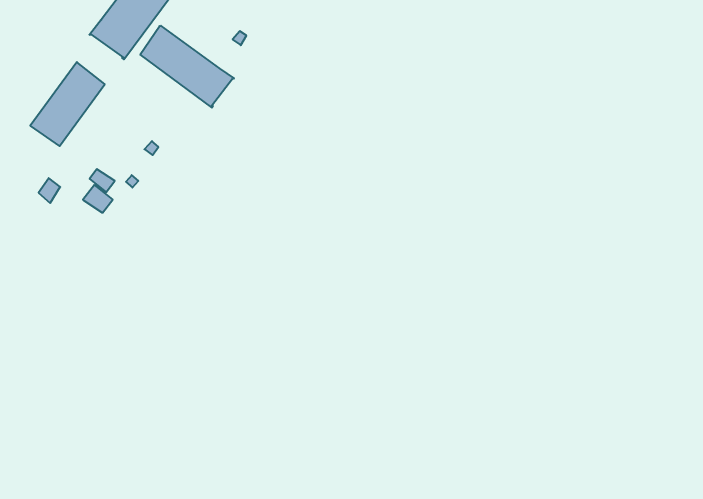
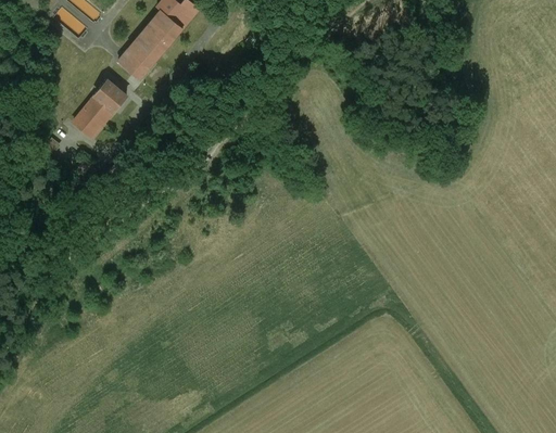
building: [140,26,234,108] -> none

